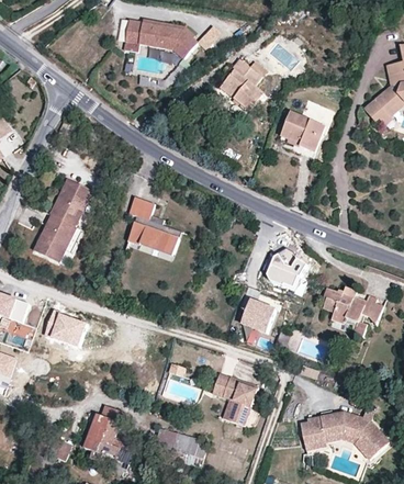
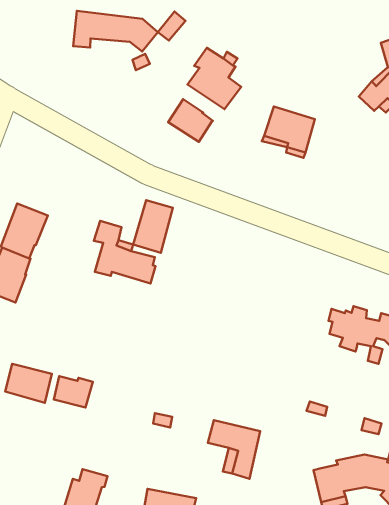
building: none -> [168,99,213,142]
building: none -> [133,200,173,253]
building: [271,249,310,292] -> none
building: [239,301,276,335] -> none
building: none -> [54,376,93,407]

